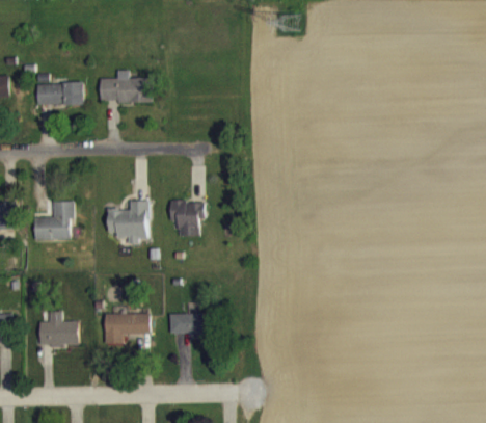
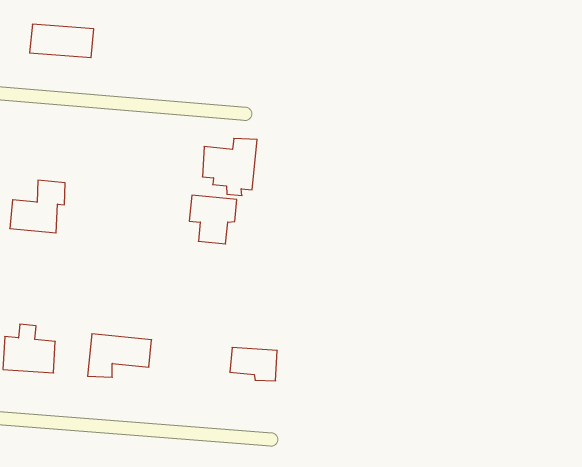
building: [101,70,152,102] -> none
building: [108,200,147,243] -> [202,138,257,196]
building: [170,313,206,337] -> [230,348,277,381]

